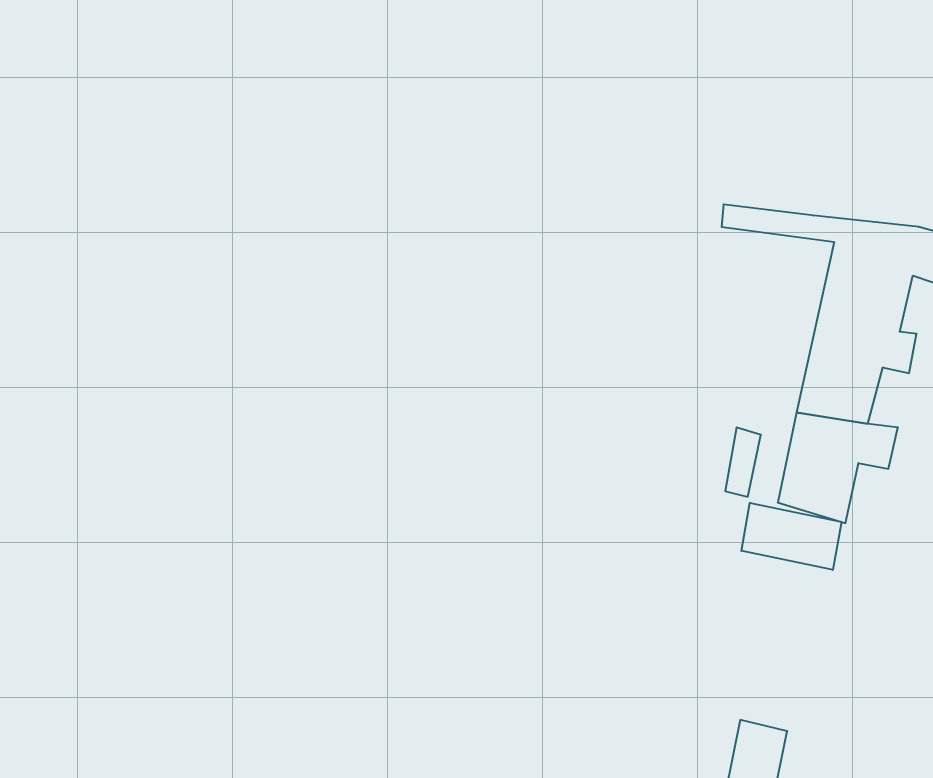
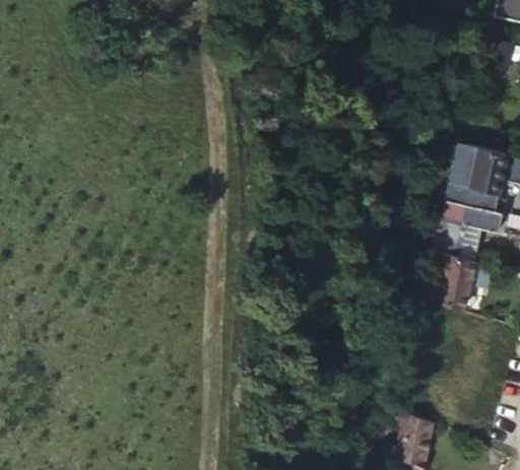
building: [741,503,841,570] -> none

